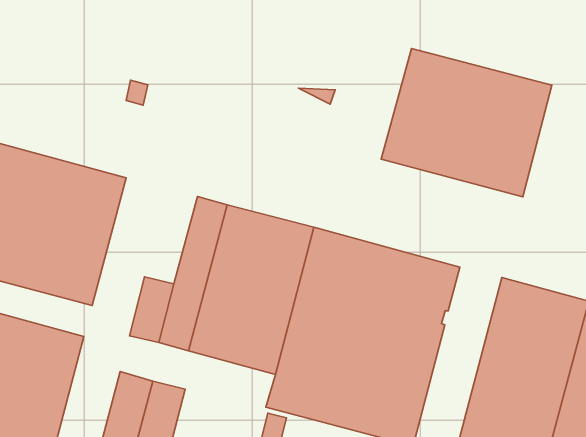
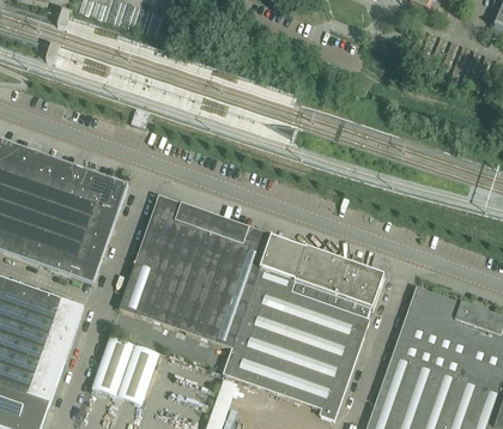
building: [381,48,552,197] -> none
building: none -> [135,194,182,270]

